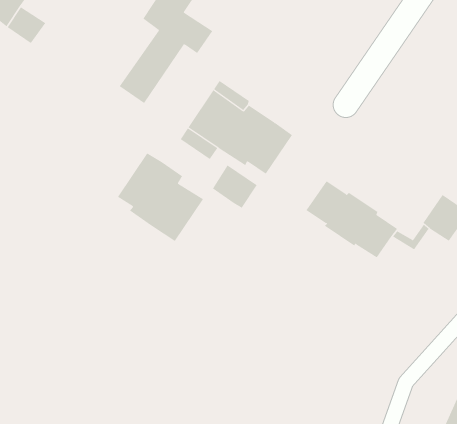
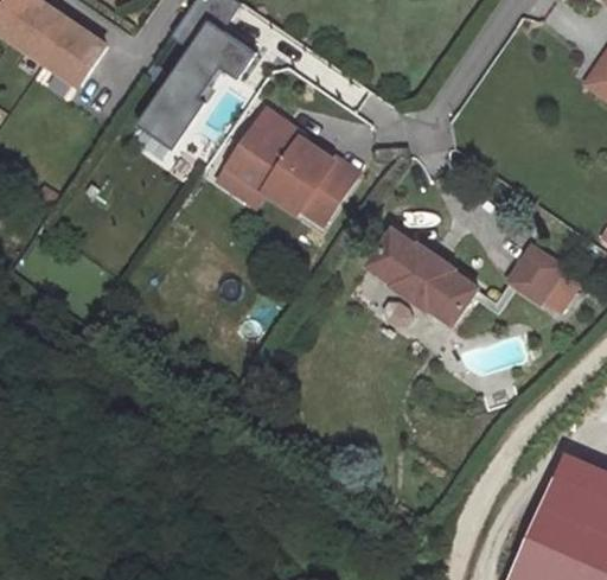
building: none -> [38,26,100,88]
building: [117,153,204,242] -> none
building: [212,165,258,208] -> none

